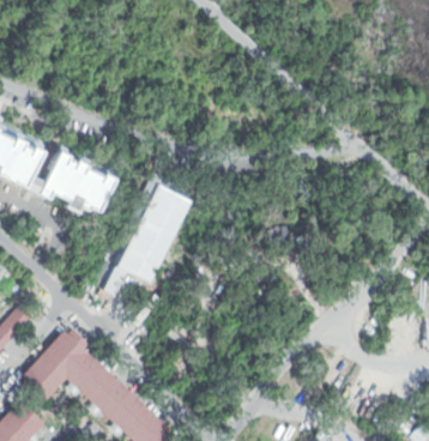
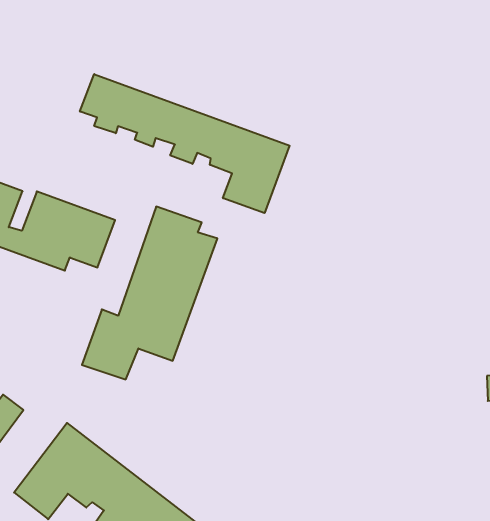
building: none -> [80,74,290,213]

